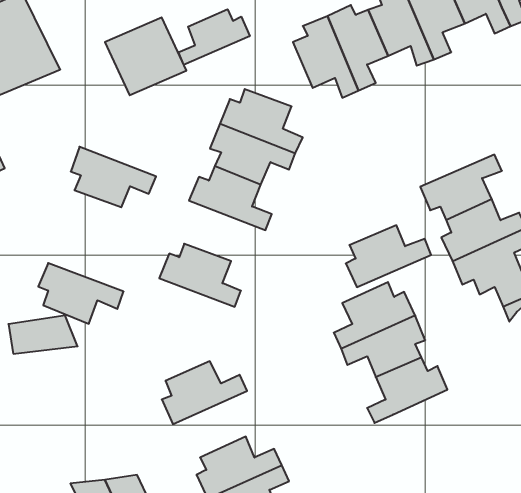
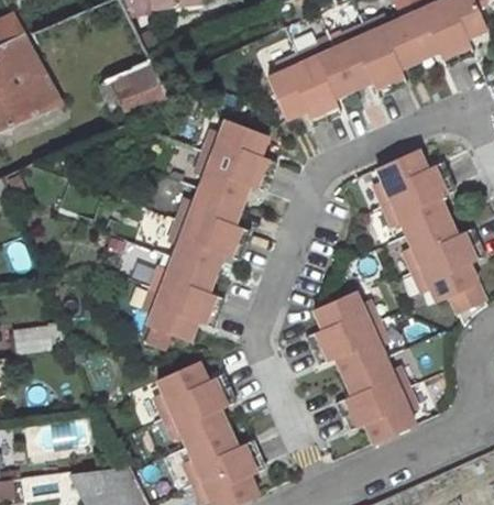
building: [178,9,250,65] -> none
building: [71,147,156,207] -> [168,219,244,273]
building: [346,225,431,287] -> [372,152,448,207]
building: [38,263,124,324] -> [141,288,217,342]
building: none -> [341,387,416,443]
building: none -> [162,388,233,448]

